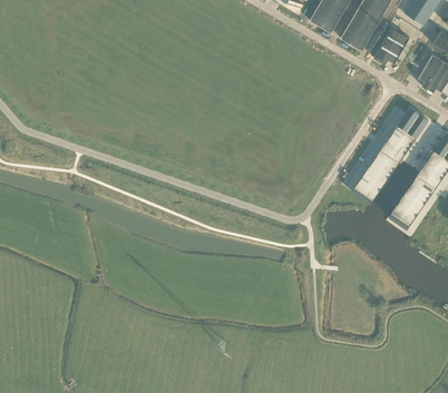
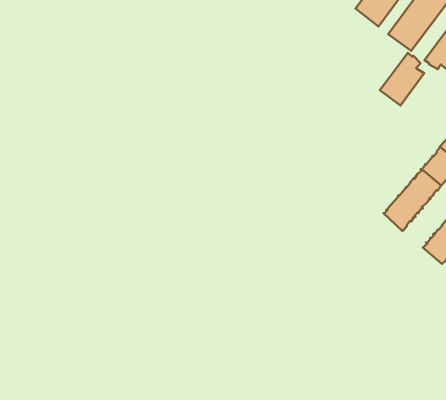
building: none -> [380,53,424,106]

